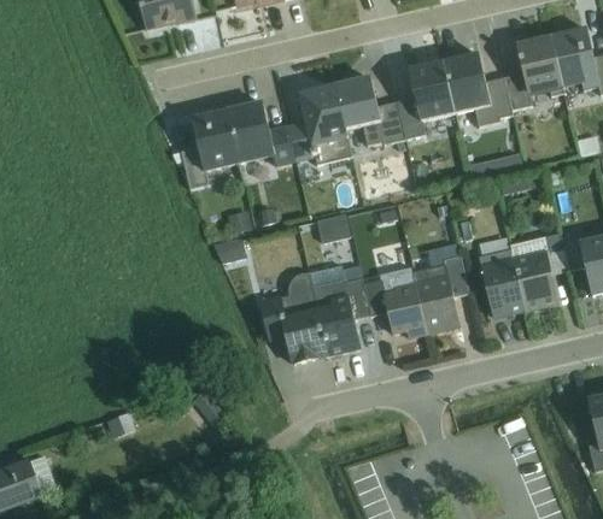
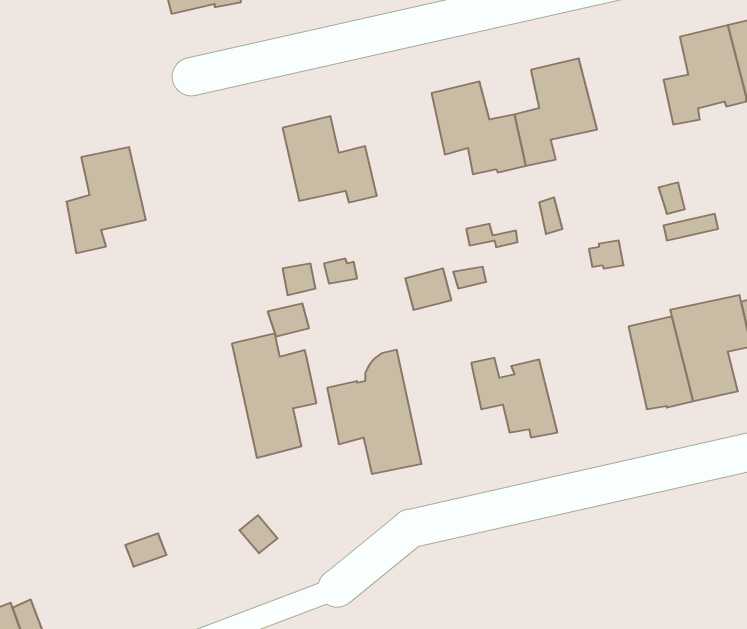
building: [444,53,514,125] -> none
building: [288,85,352,164] -> none
building: [182,111,240,188] -> [66,147,146,253]
building: [414,255,470,332] -> none
building: [311,265,373,355] -> [232,334,316,458]

